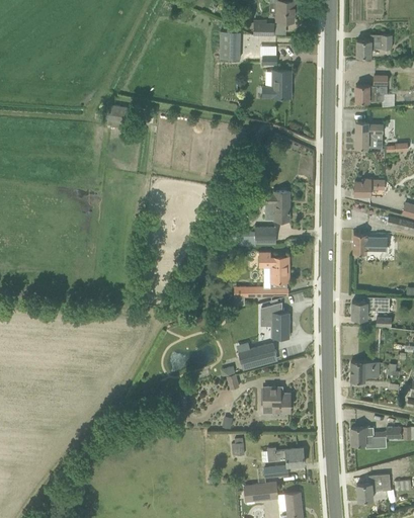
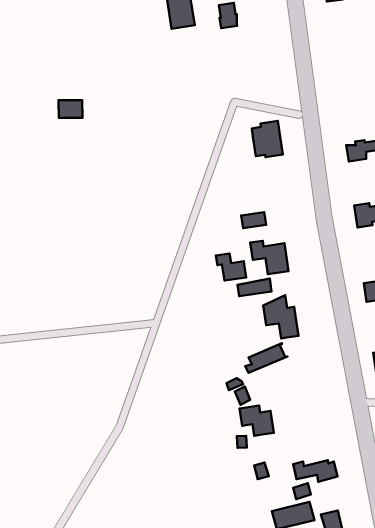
building: [262,70,291,97] -> none
building: [355,76,387,101] -> none
building: [355,121,382,148] -> none
building: [266,191,289,221] -> [252,121,283,157]
building: none -> [216,253,246,281]
building: [262,386,288,412] -> [239,406,274,436]

